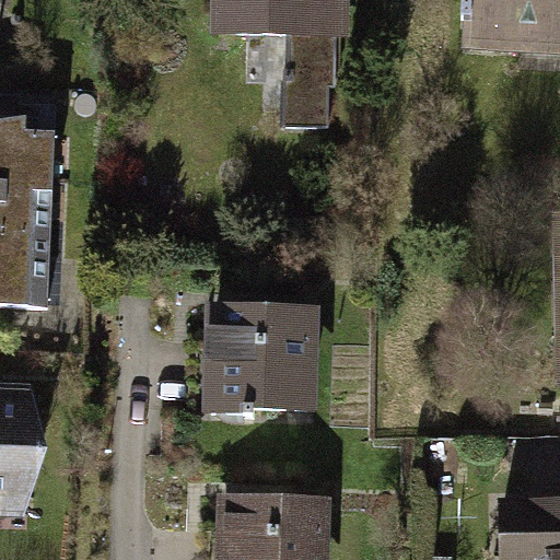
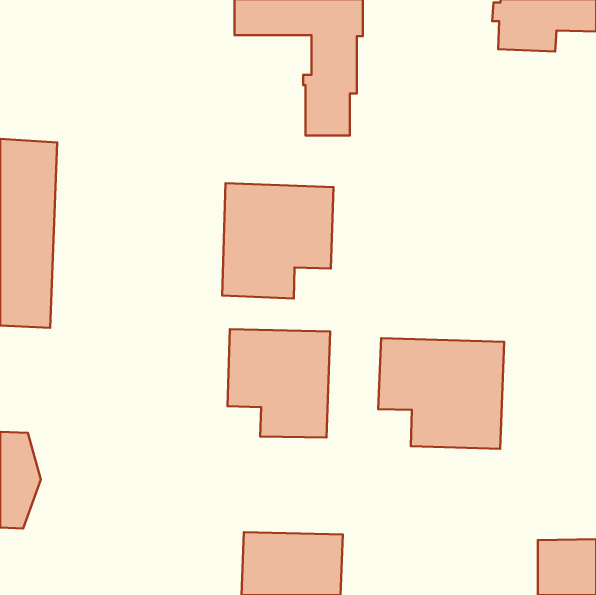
building: none -> [222,183,333,298]
building: none -> [378,338,504,449]

